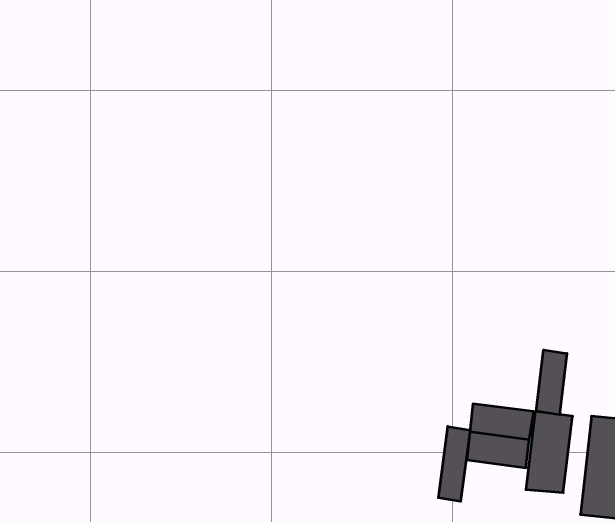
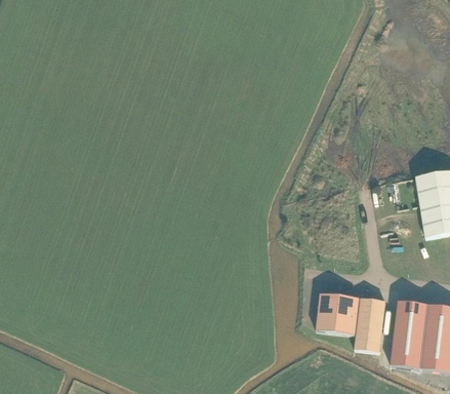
building: [536,350,567,415] -> none
building: [438,426,470,501] -> none

